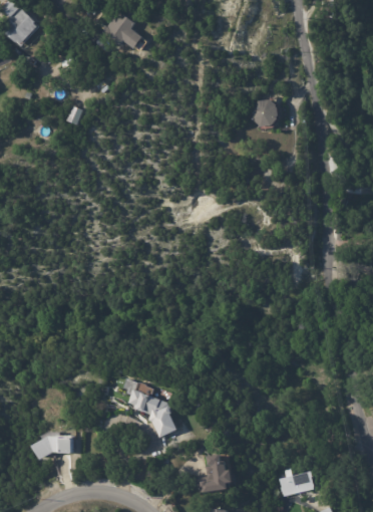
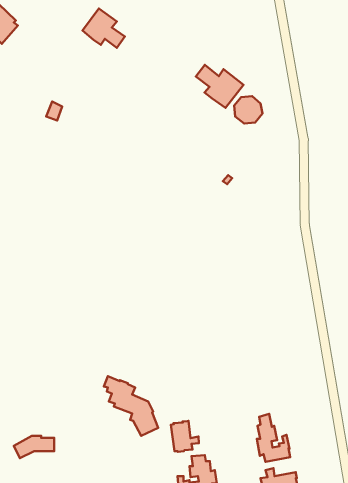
building: none -> [196,65,243,108]
building: none -> [257,414,290,462]
building: none -> [171,421,199,452]

